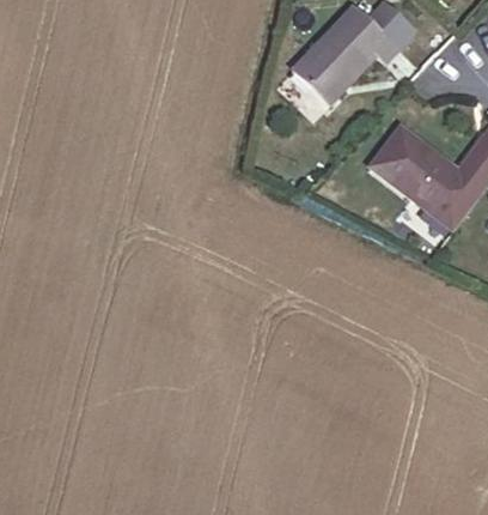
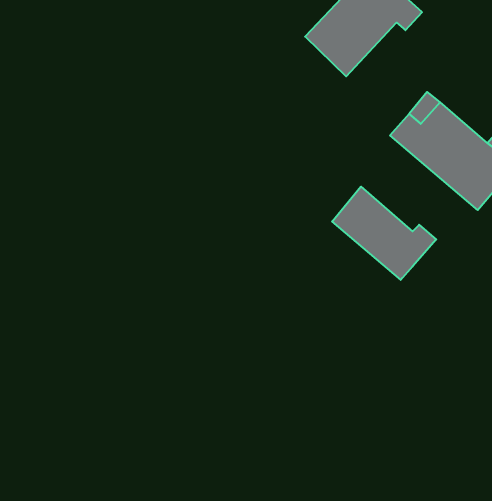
building: none -> [332,187,436,280]

